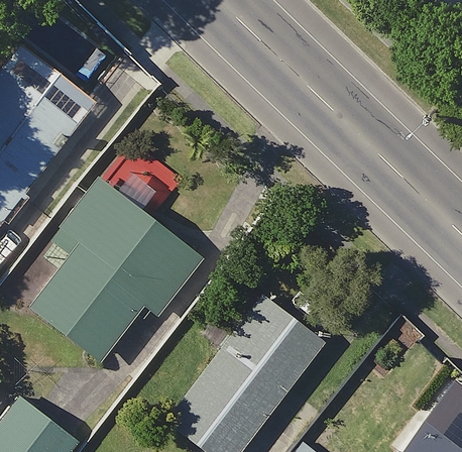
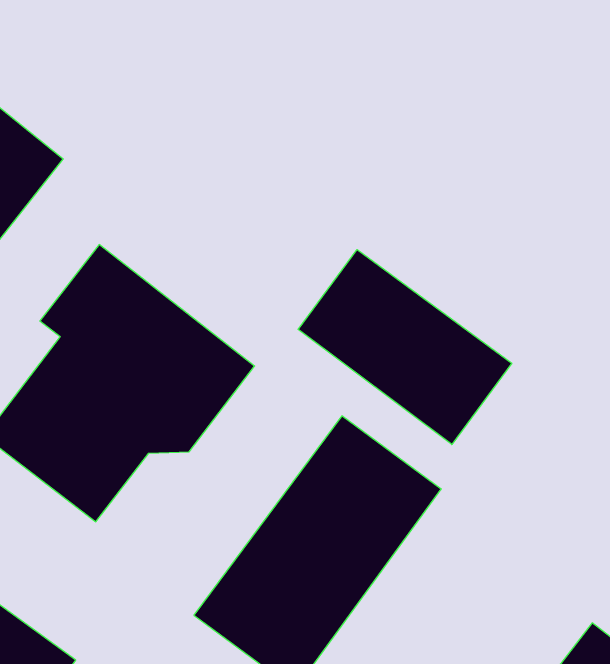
building: none -> [298,250,512,445]

